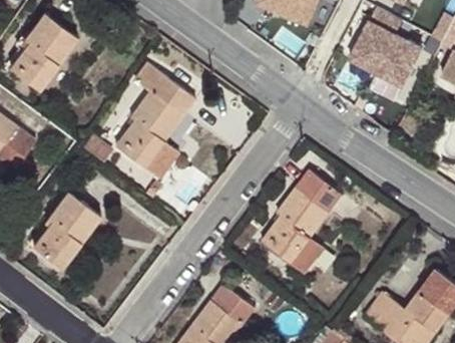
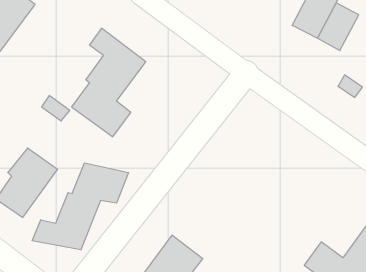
building: [261,170,341,275] -> none
building: none -> [32,163,129,250]

